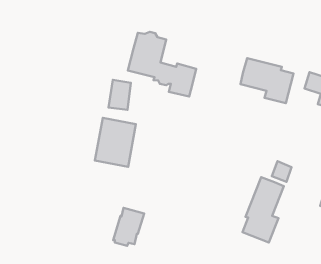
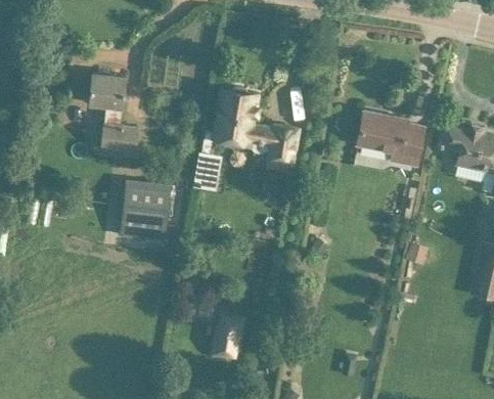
building: none -> [89,73,139,150]
building: [95,118,136,167] -> [121,179,170,239]
building: [243,177,284,242] -> none

